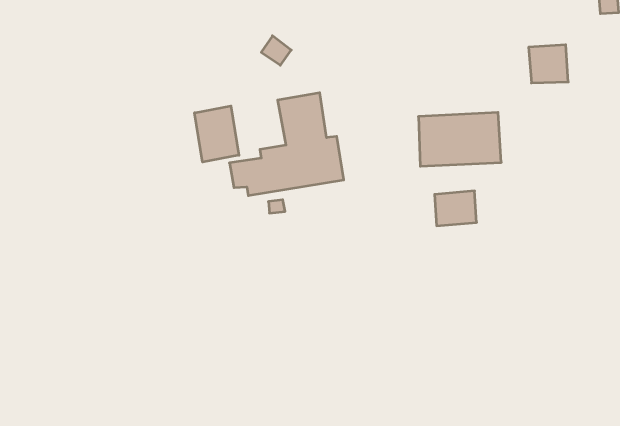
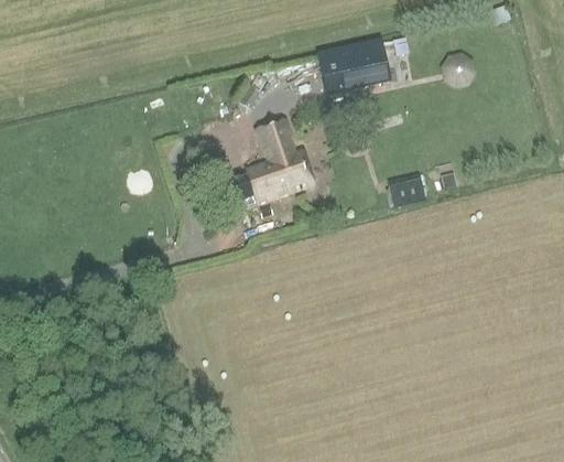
building: [195,106,239,162] -> none
building: [418,112,501,166] -> [318,41,389,93]

